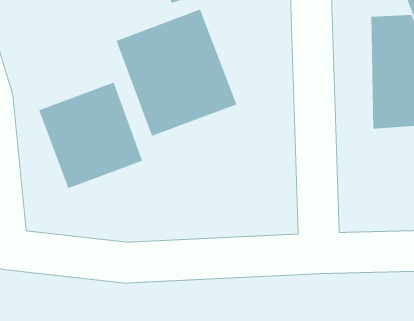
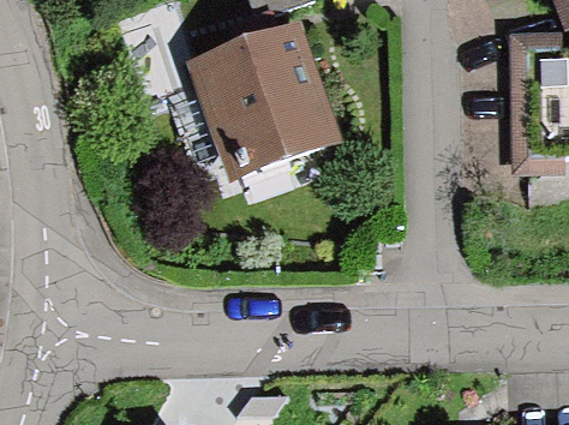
building: [38,81,143,189] -> none

